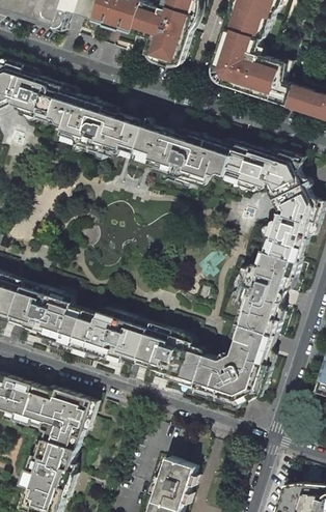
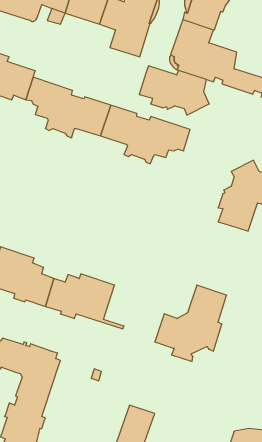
building: [225,141,303,196] -> [139,66,209,115]
building: [229,251,297,334] -> none
building: [136,322,203,386] -> none

